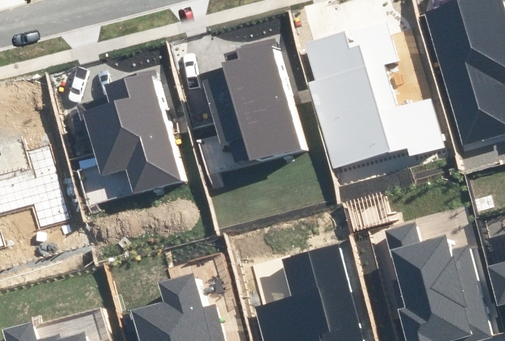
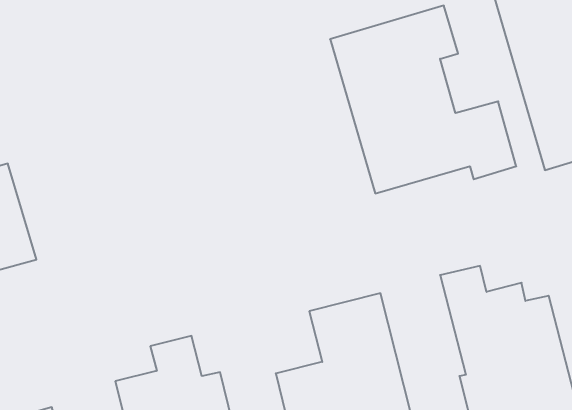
building: [201,42,299,160] -> none
building: [85,75,181,192] -> none

